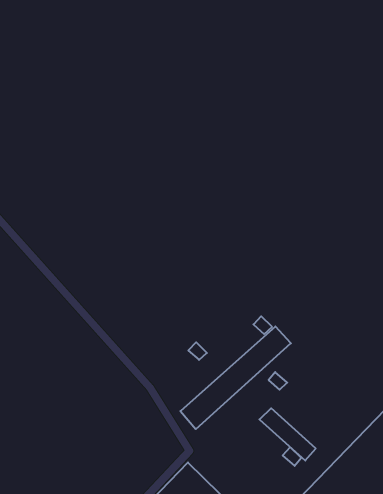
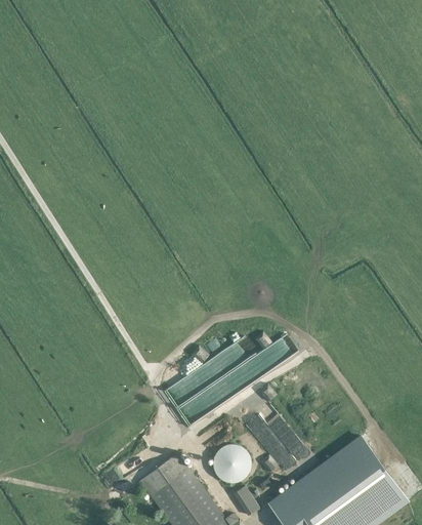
building: none -> [164,335,258,405]
building: none -> [259,406,305,459]
building: none -> [212,442,252,483]

